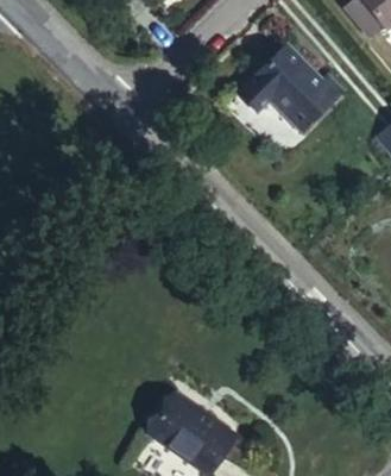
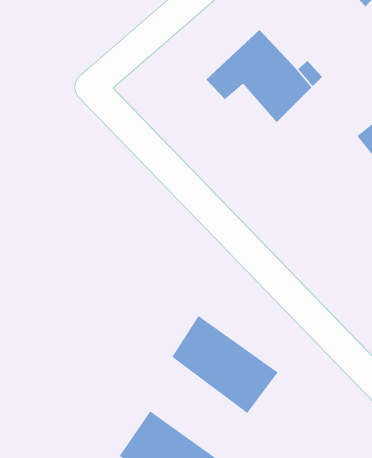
building: none -> [172,315,279,414]

